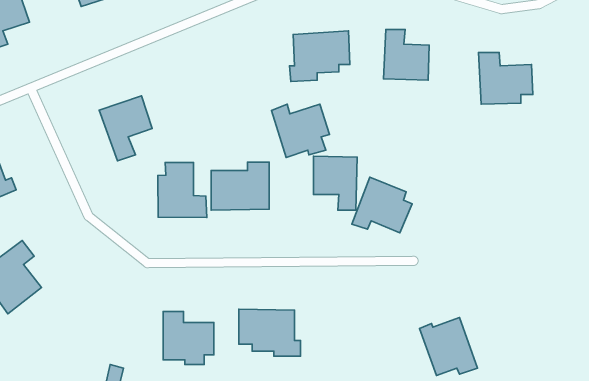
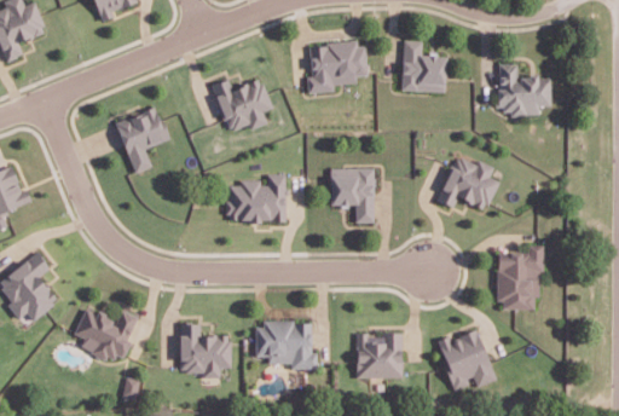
building: [272,104,329,157] -> [213,79,271,132]
building: [158,163,207,218] -> none
building: [352,177,412,233] -> [438,155,498,210]
building: none -> [497,250,542,310]
building: none -> [74,307,137,362]
building: none -> [355,333,401,379]

